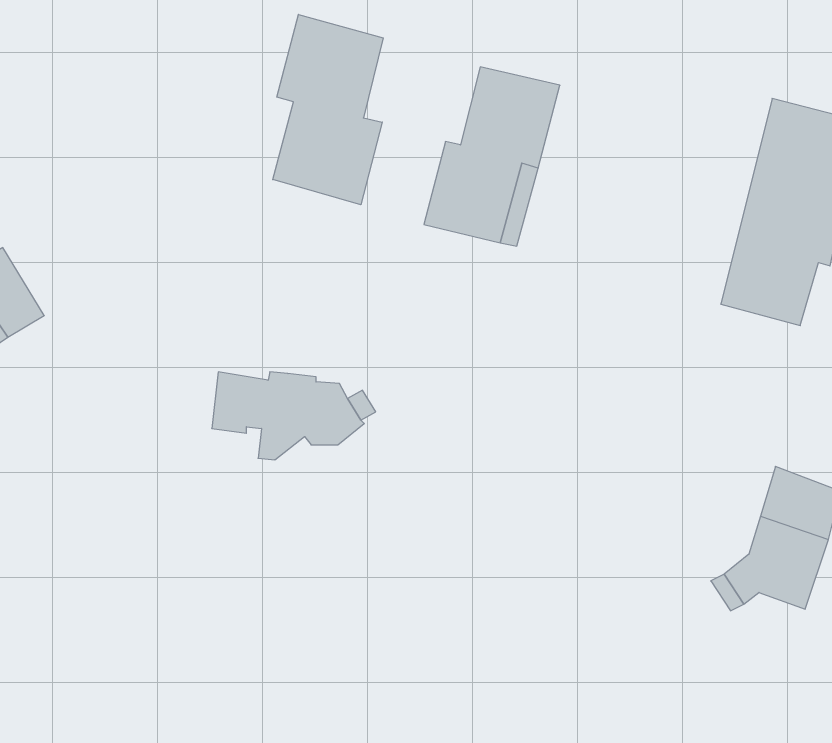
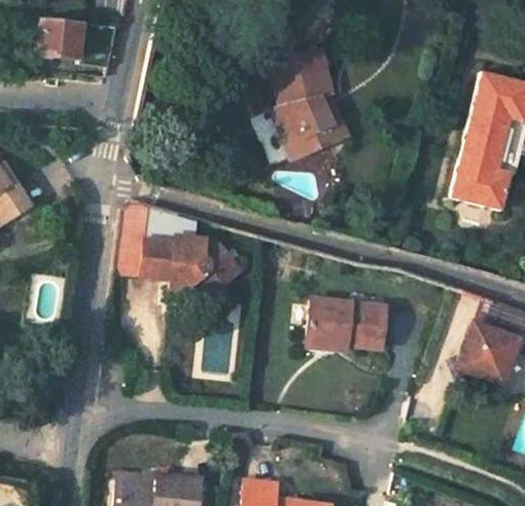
building: none -> [33,17,114,63]
building: [273,14,383,205] -> none
building: none -> [113,209,183,276]
building: none -> [297,298,382,351]

